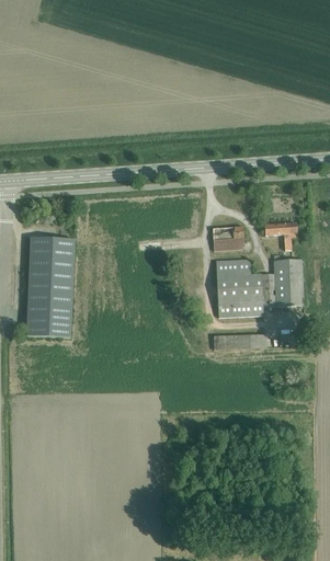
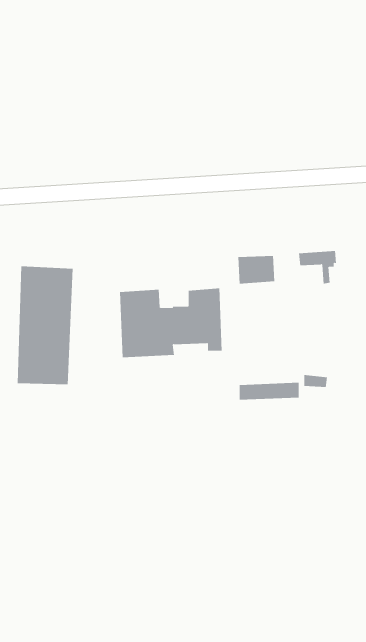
building: [216,257,304,317] -> [119,288,223,358]

